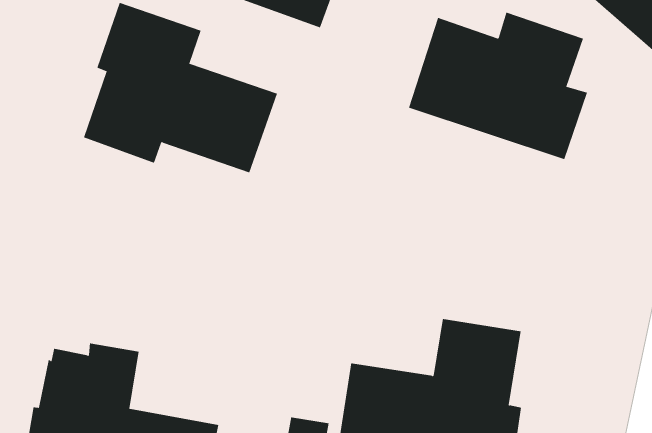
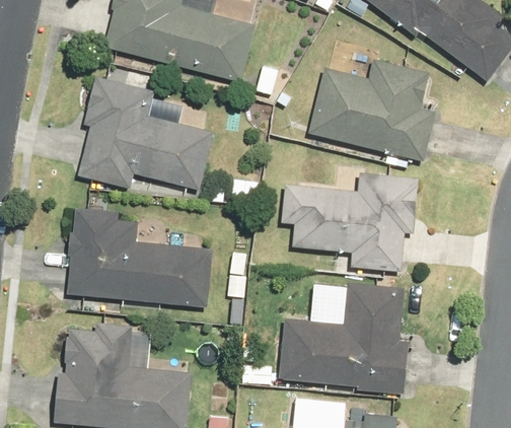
building: none -> [281,172,418,272]
building: none -> [66,208,212,307]

